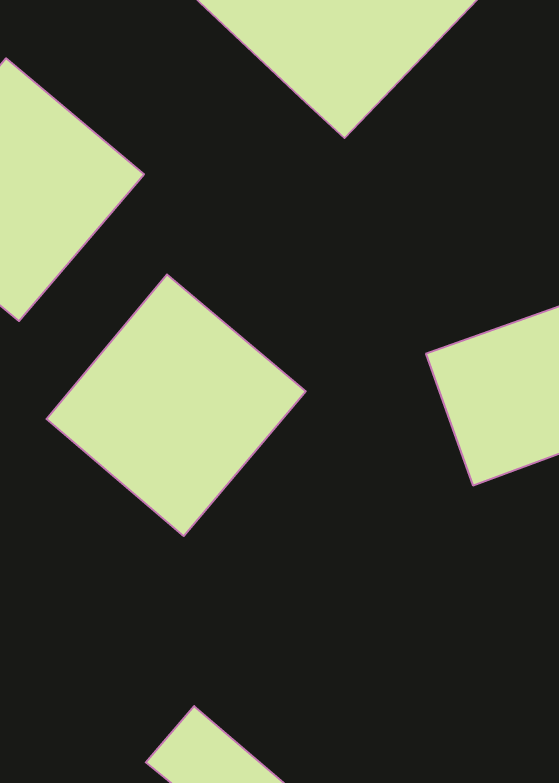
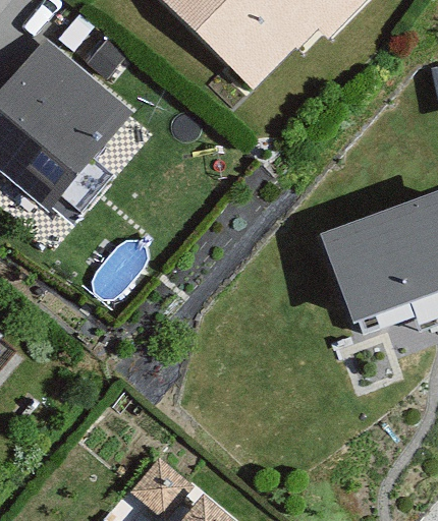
building: [46,274,306,536] -> none

